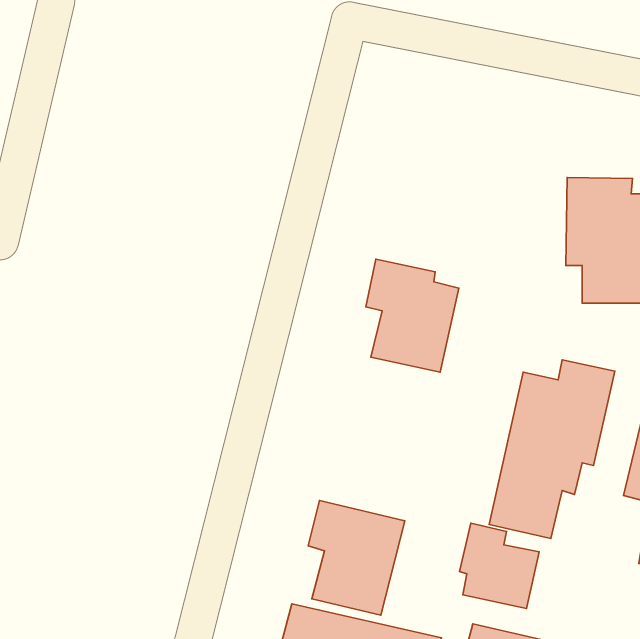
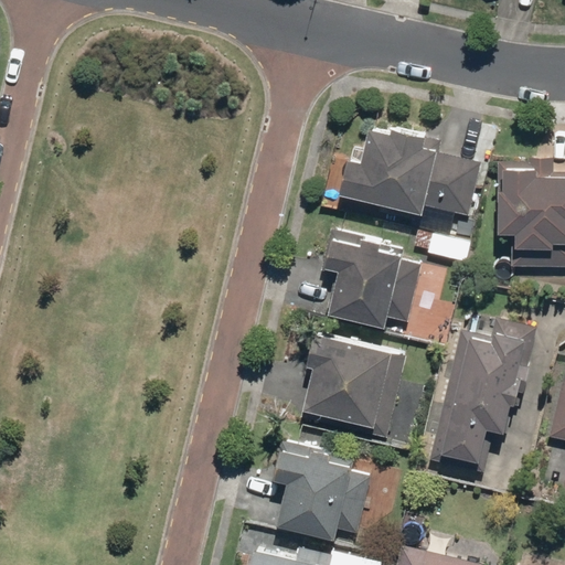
building: none -> [340,128,484,218]
building: none -> [302,333,394,429]
building: [460,523,539,609] -> none

